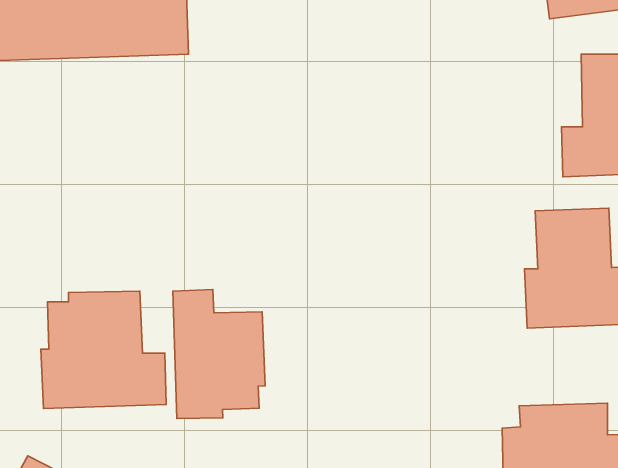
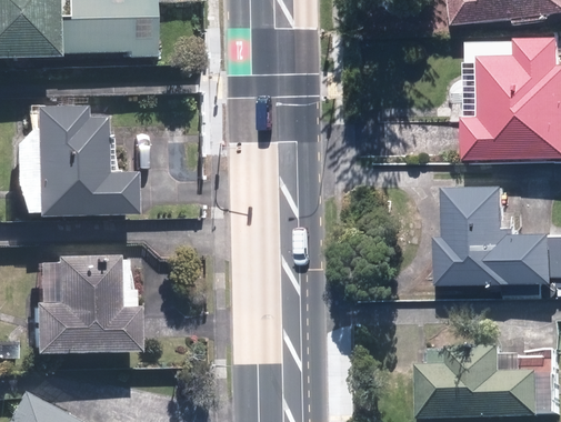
building: none -> [37,103,139,215]
building: [173,290,265,418] -> none

